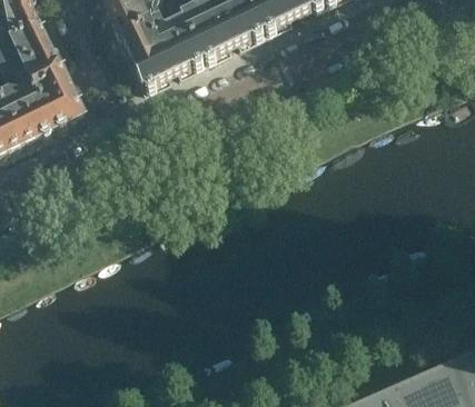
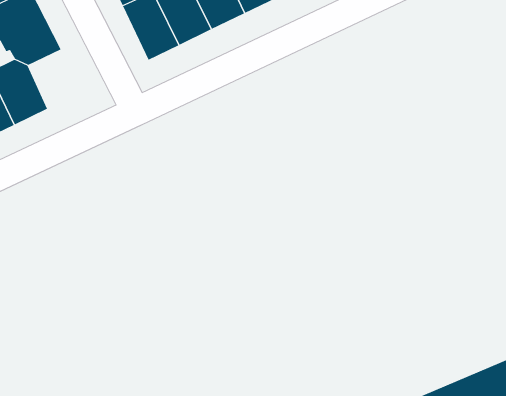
building: [34,73,82,127] -> none

